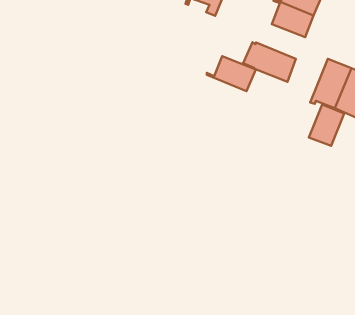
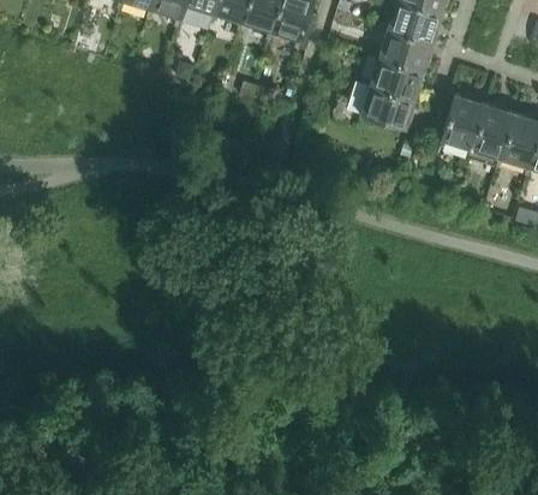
building: [207,56,256,91] -> [361,56,424,99]
building: [309,105,344,146] -> none

